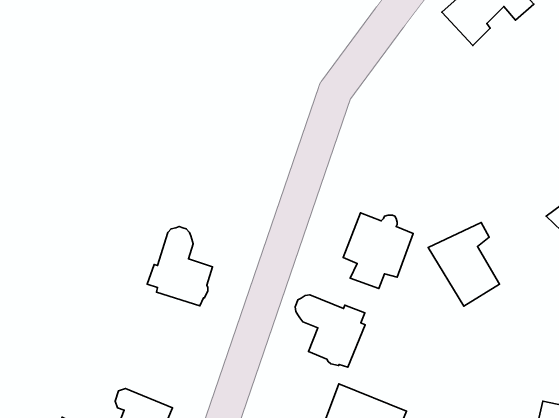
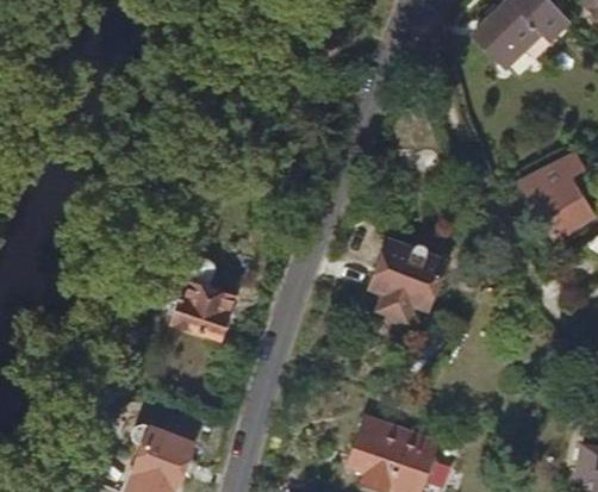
building: [428,222,499,306] -> [516,151,590,238]
building: [295,295,365,367] -> none

